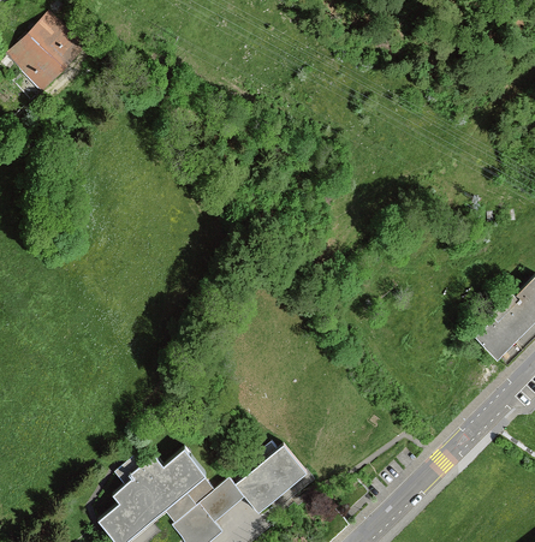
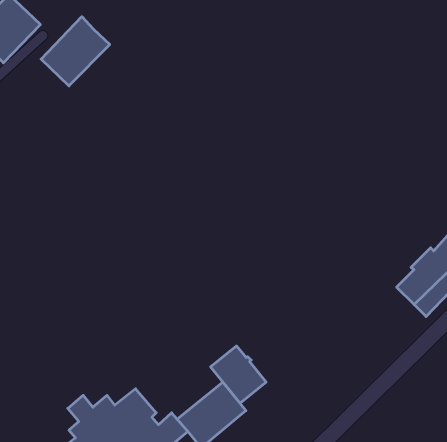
building: none -> [41,17,110,86]
building: none -> [211,346,266,403]

